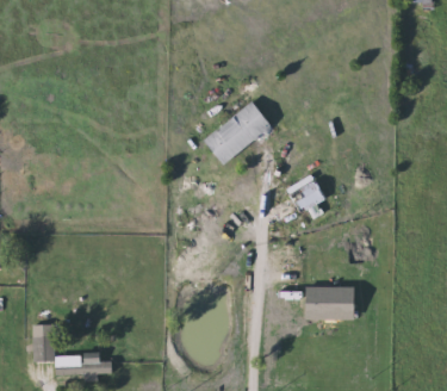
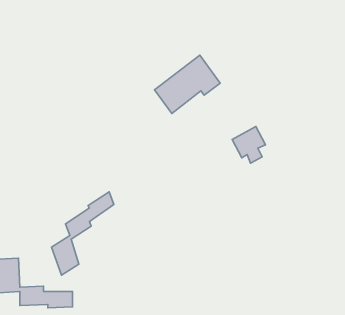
building: none -> [51,192,114,275]
building: [304,287,356,319] -> none

